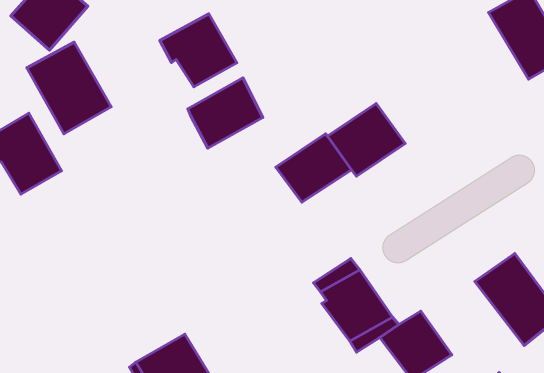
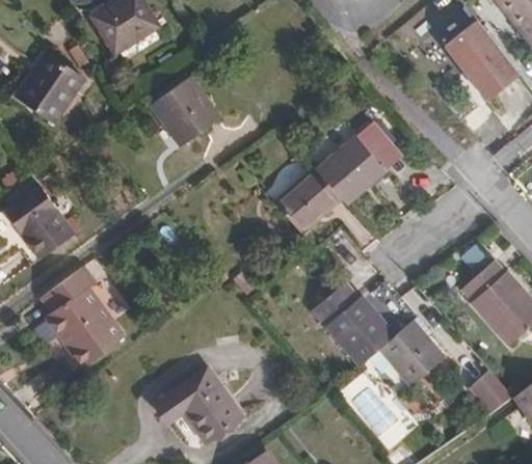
building: [27,42,111,134] -> none
building: [188,78,263,148] -> none
building: none -> [352,125,398,172]
building: none -> [42,265,126,365]

